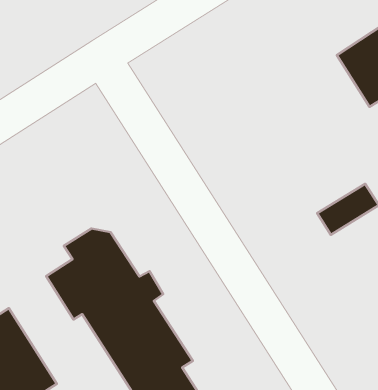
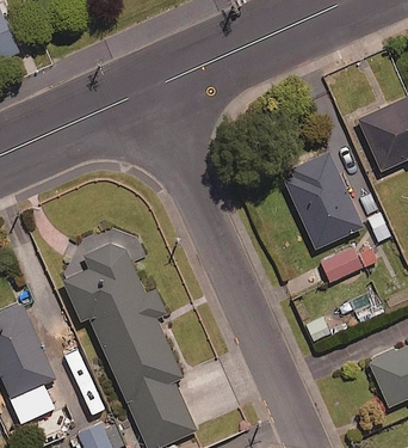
building: none -> [277,153,358,250]

